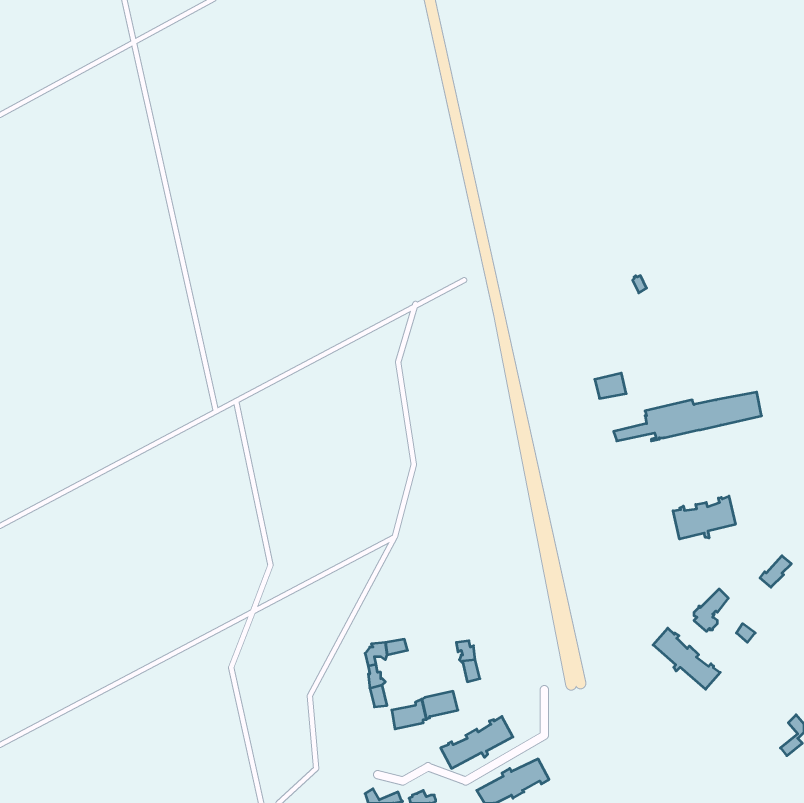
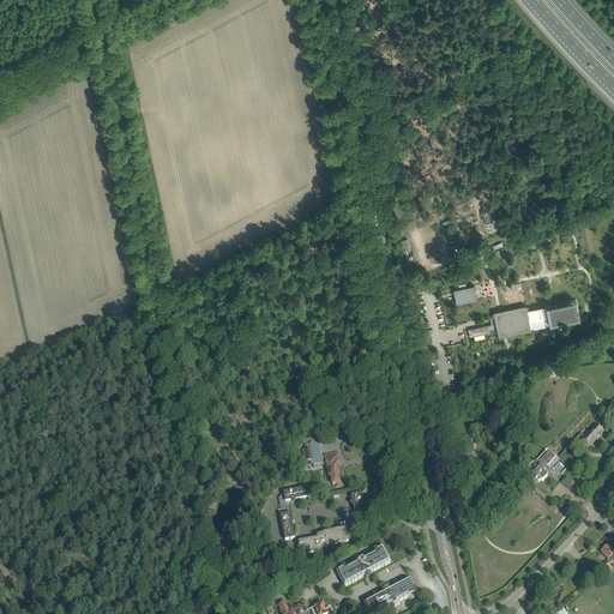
building: [673,496,735,539] -> none
building: none -> [302,440,341,484]
building: [653,628,720,689] -> none

